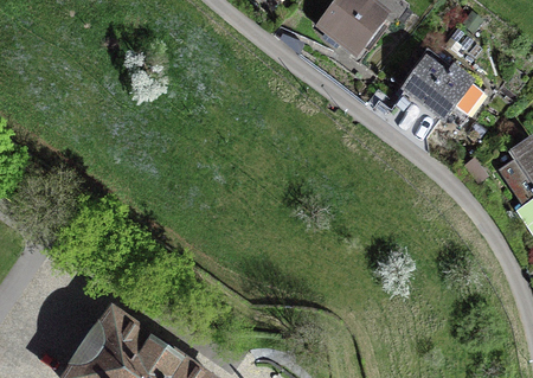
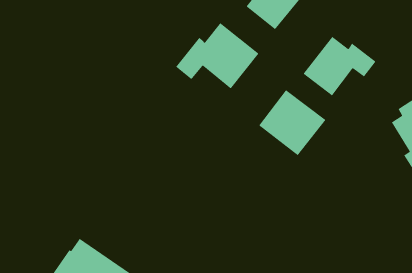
building: none -> [175,22,259,89]
building: none -> [258,89,327,156]

